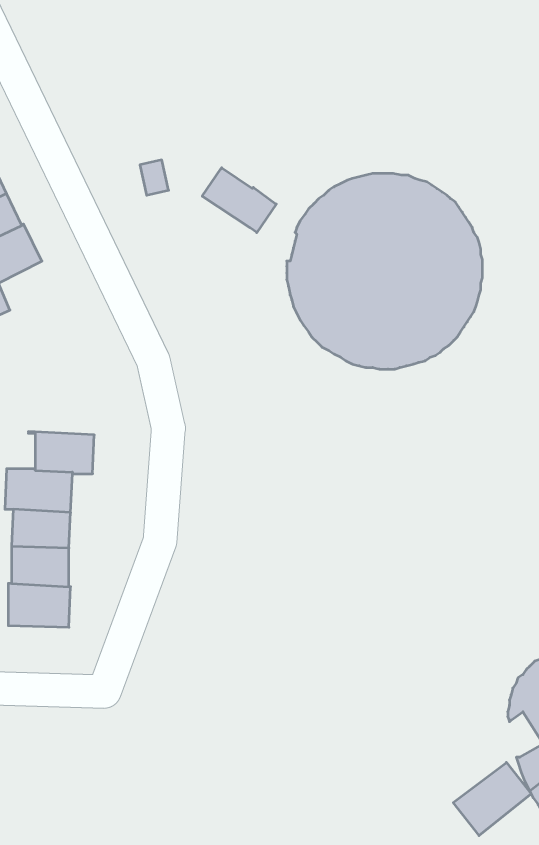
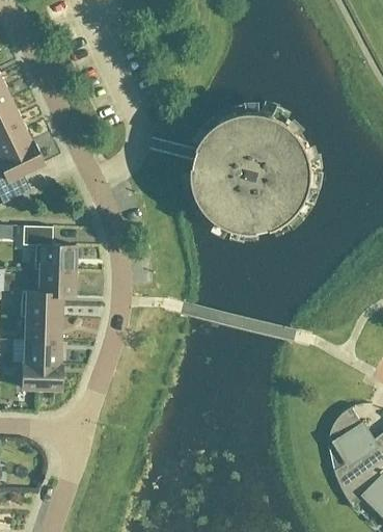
building: [202,168,276,233] -> none
building: none -> [23,227,76,271]
building: [453,762,531,836] -> none

